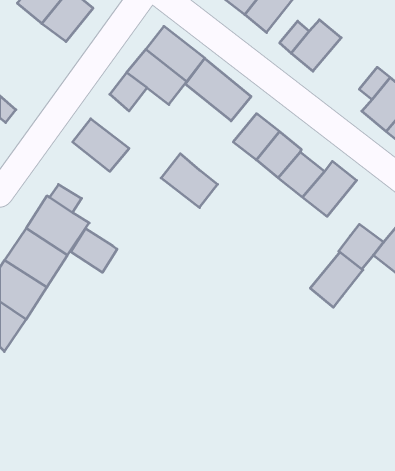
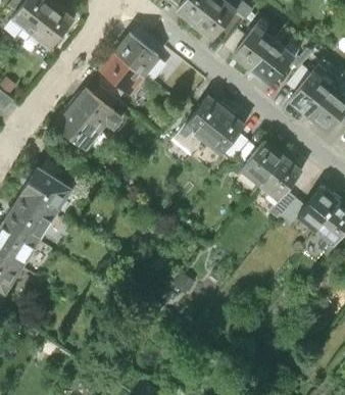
building: none -> [249,43,291,85]
building: [185,58,251,121] -> none
building: [161,154,218,208] -> [72,88,117,131]
building: [71,228,117,272] -> none
building: [310,252,363,307] -> [260,156,302,200]

